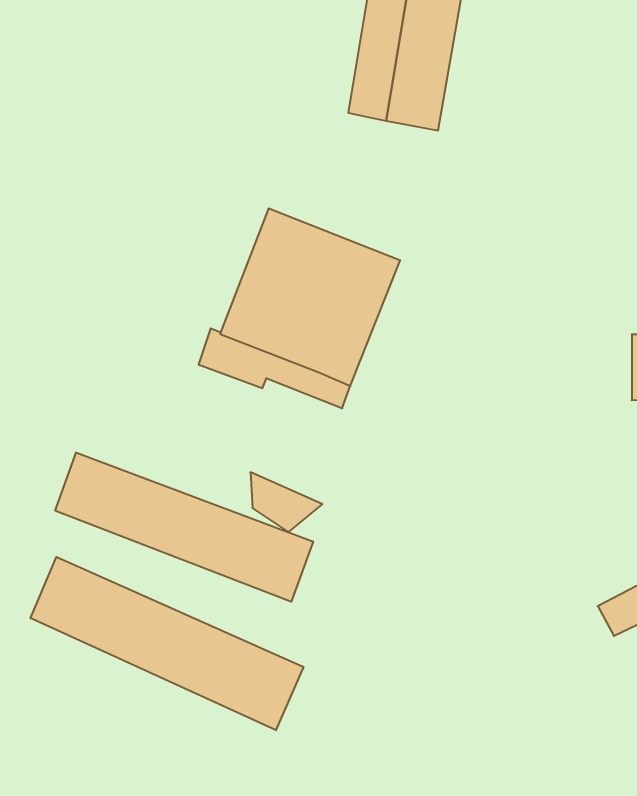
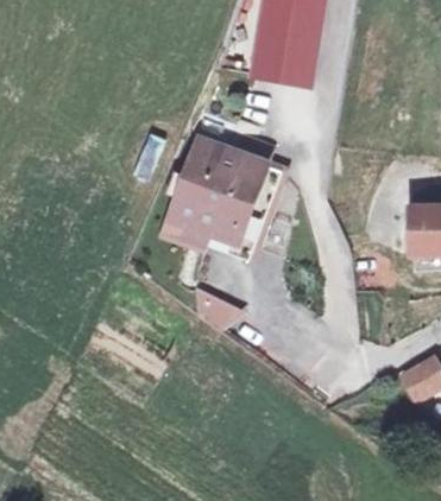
building: [55,452,313,602] -> none
building: [30,557,303,730] -> none

